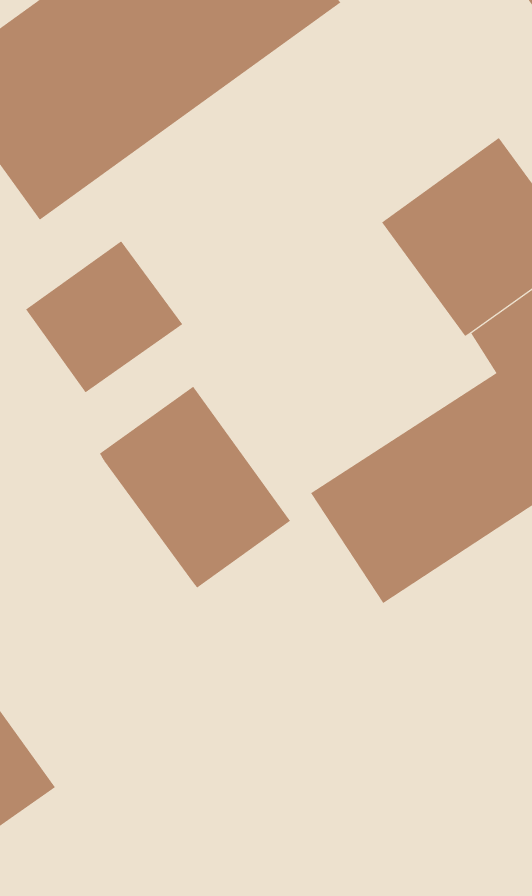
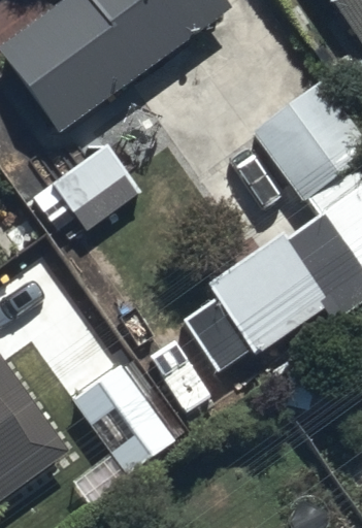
building: [99,386,291,589] -> none
building: none -> [71,361,176,474]

